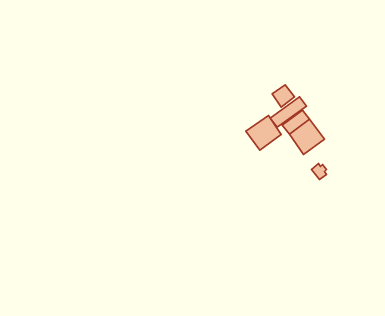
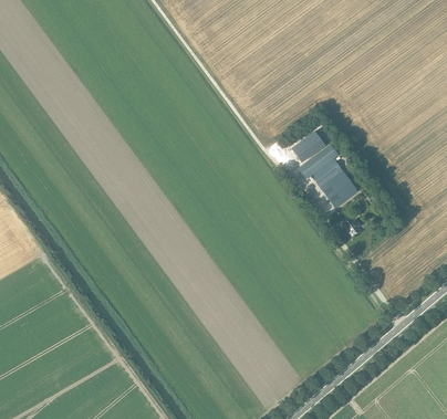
building: [246,116,281,150] -> none

